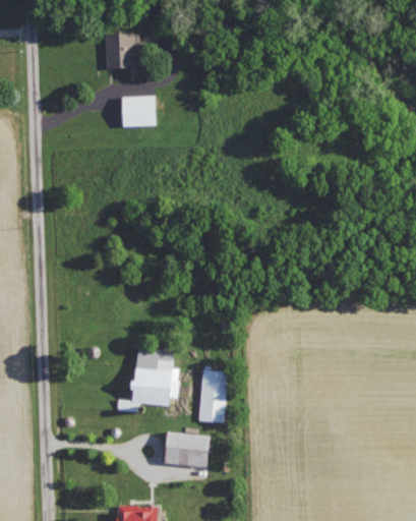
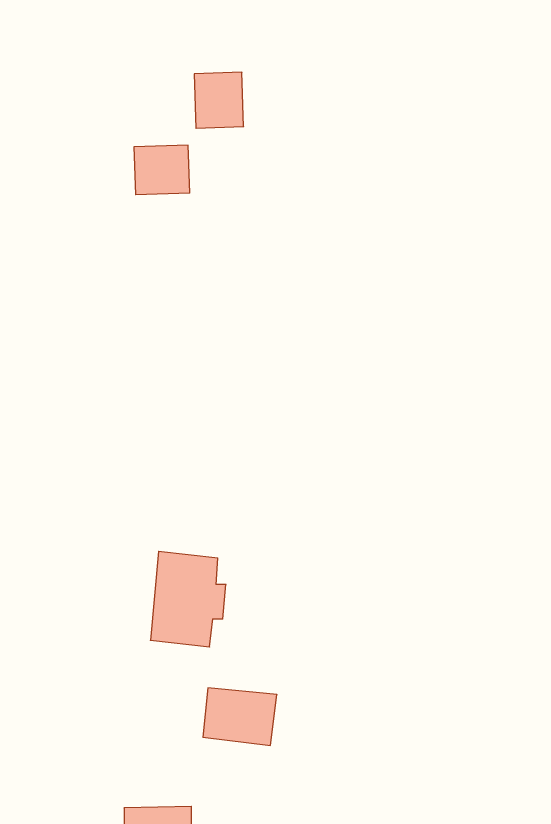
building: [105,34,135,68] -> [194,72,244,128]
building: [199,370,227,423] -> none

